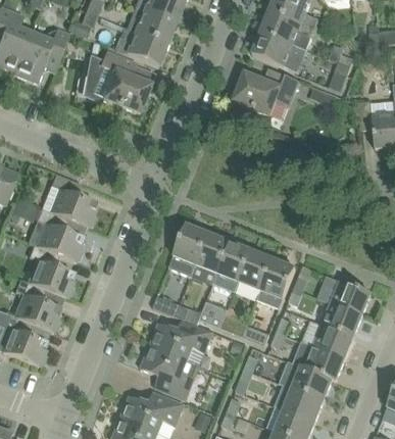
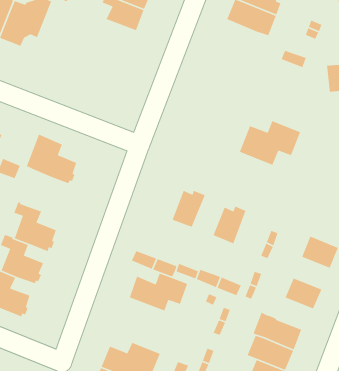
building: [88,51,150,113] -> none
building: [234,67,299,115] -> [239,120,301,166]
building: [28,208,83,261] -> none
building: [168,221,207,276] -> none
building: [216,238,250,281] -> none
building: [260,254,295,299] -> none
building: [323,303,361,337] -> none
building: [295,342,344,381] -> none
building: [141,346,194,399] -> none

